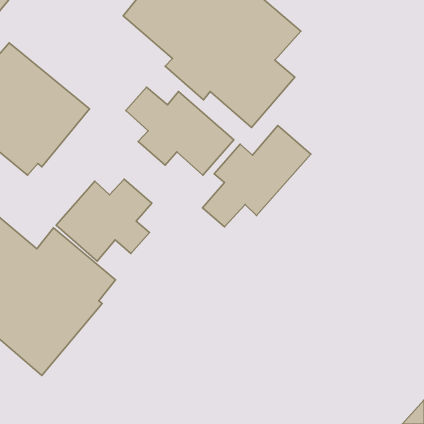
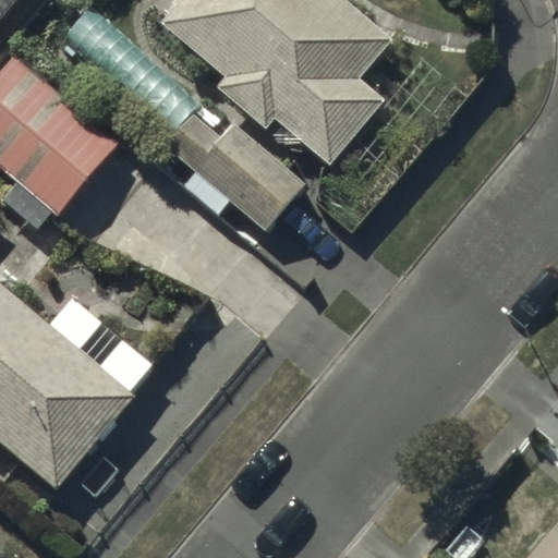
building: [203,125,311,227] -> none
building: [56,179,152,261] -> none

